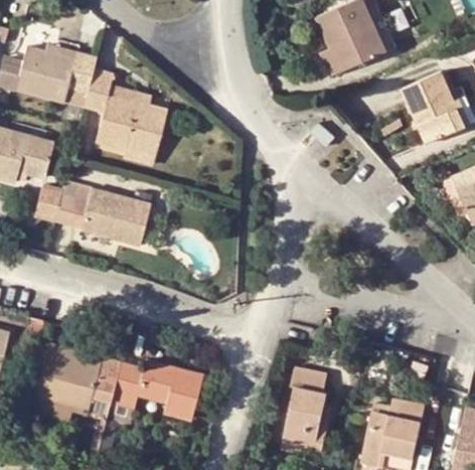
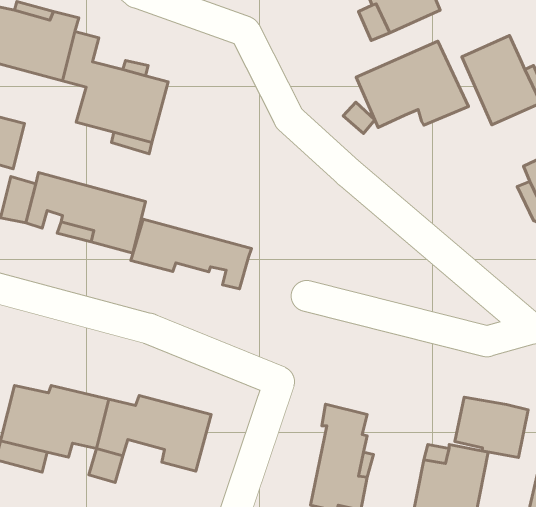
building: none -> [356,41,468,127]
building: none -> [131,219,251,289]
building: none -> [455,397,528,457]

